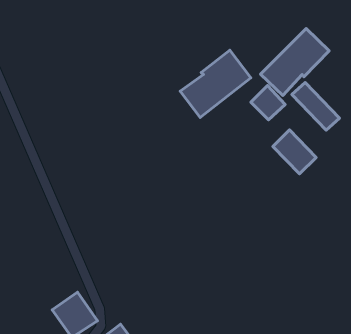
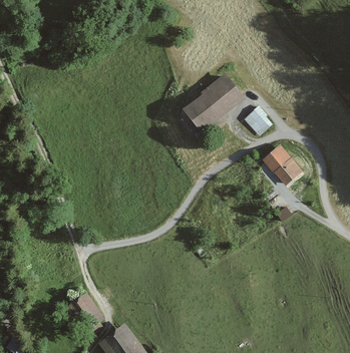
building: [260,28,329,95] -> none
building: [292,82,339,130] -> none

